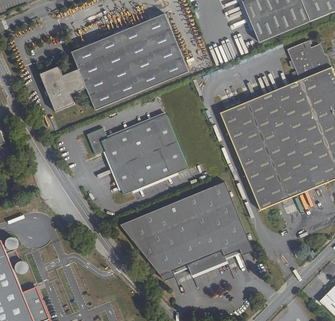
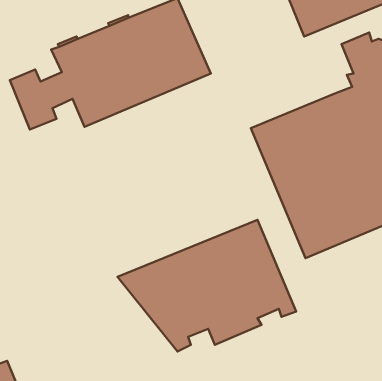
building: [86,115,188,195] -> none

